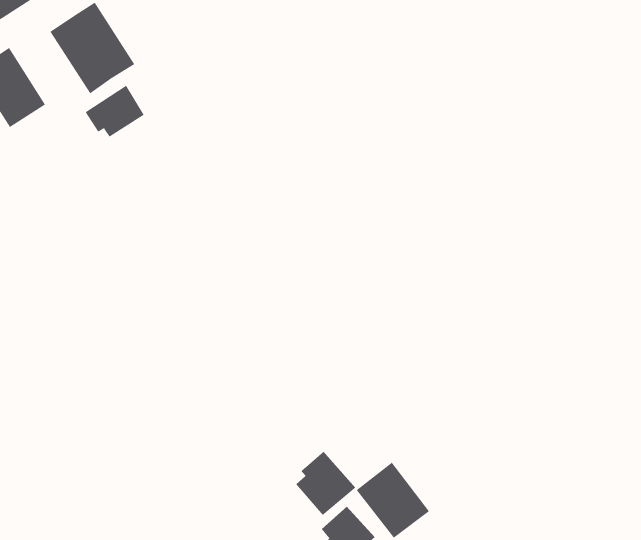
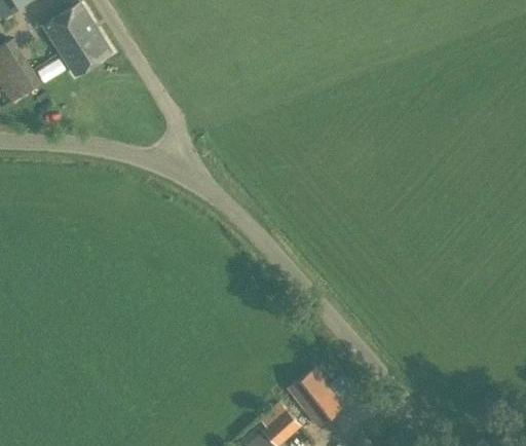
building: [85,85,144,137] -> none
building: [296,451,356,516] -> none

